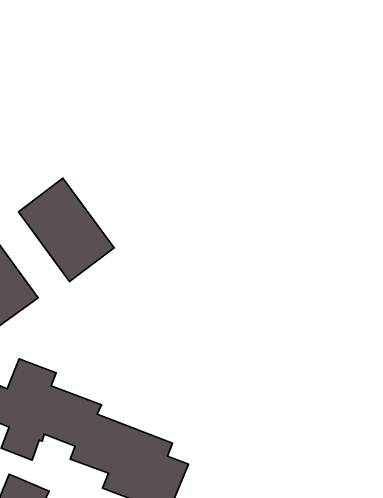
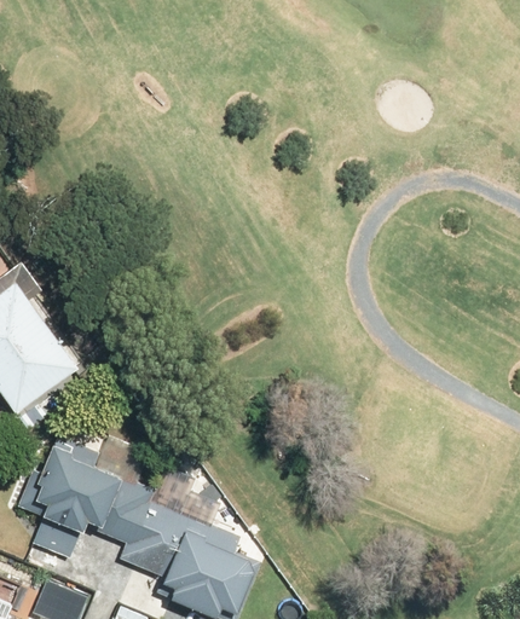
building: [18,178,114,282] -> none

